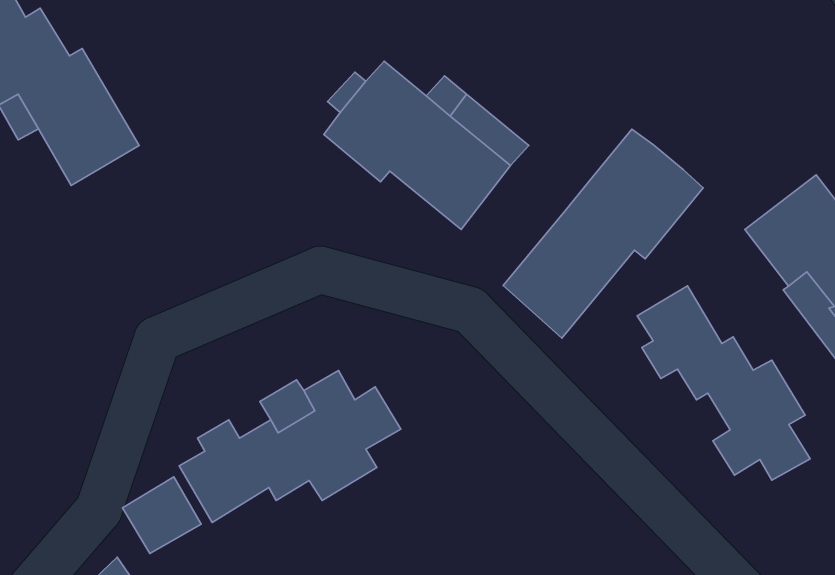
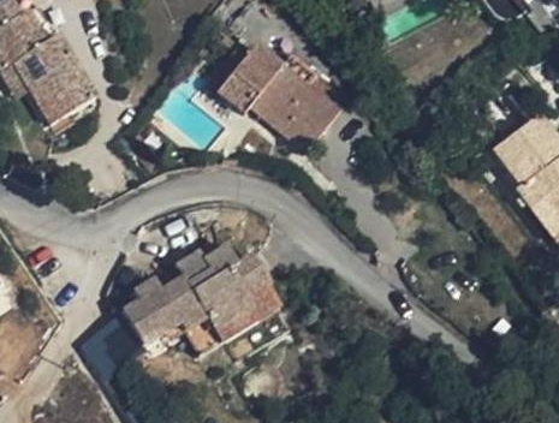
building: [503,129,703,338] -> none
building: [637,286,810,480] -> none
building: none -> [185,282,281,355]

